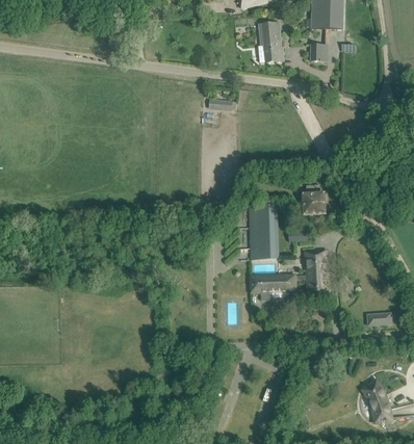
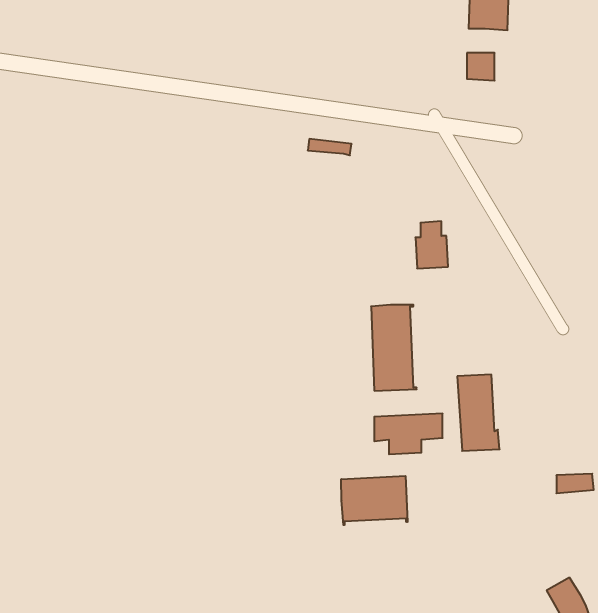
building: [258,21,284,62] -> none
building: [304,184,325,214] -> [415,221,448,268]
building: none -> [341,476,408,525]

